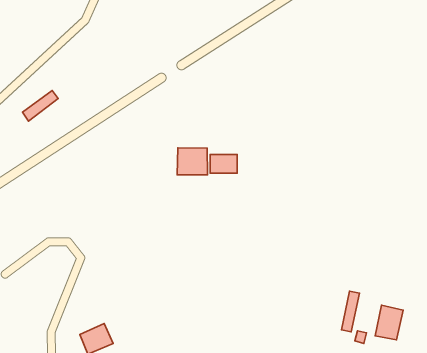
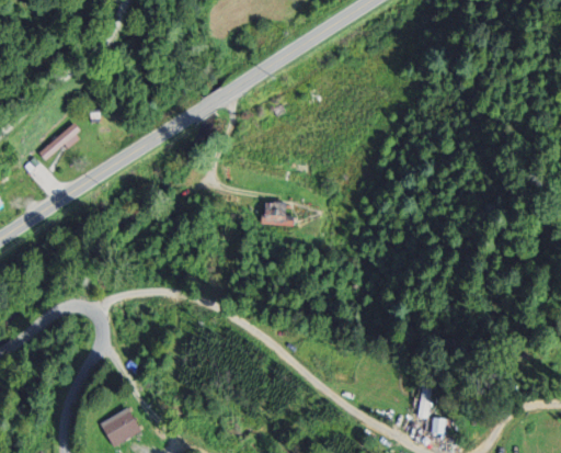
building: [177,148,208,175] -> none
building: [375,305,403,340] -> none

